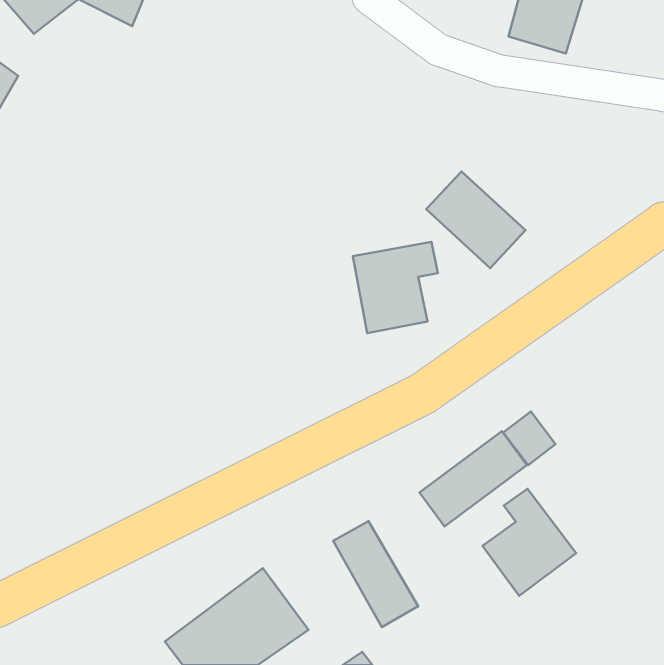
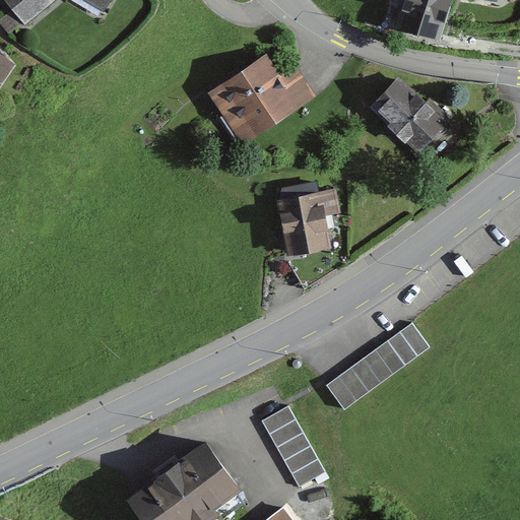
building: none -> [202,53,315,150]
building: [426,171,525,268] -> [369,77,446,152]
building: [482,489,576,596] -> none

